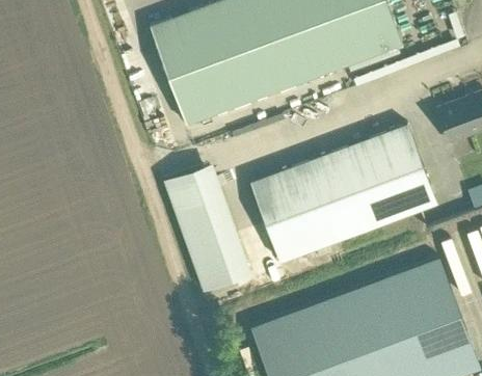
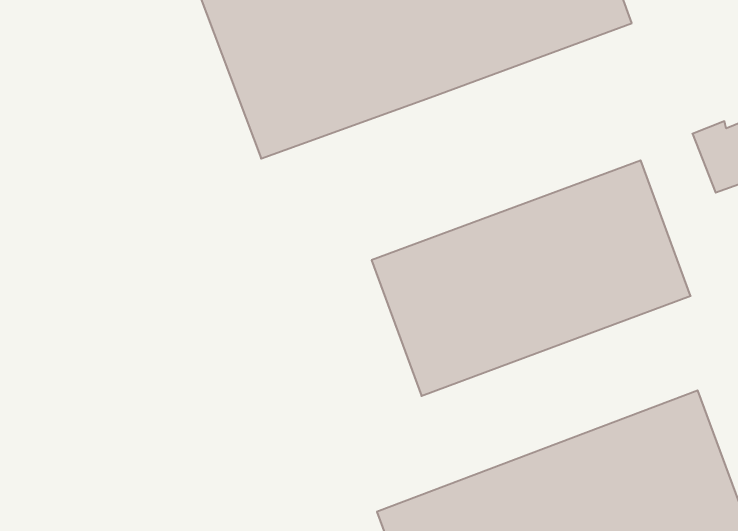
building: [163,163,251,291] -> none

